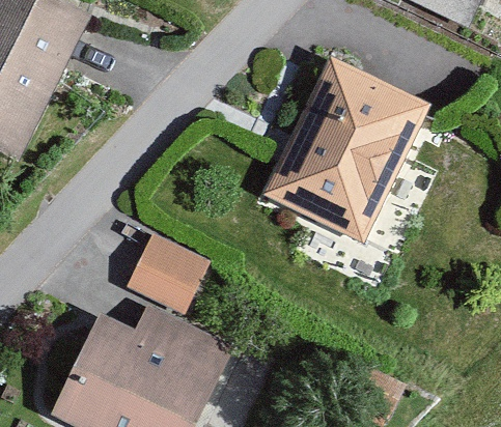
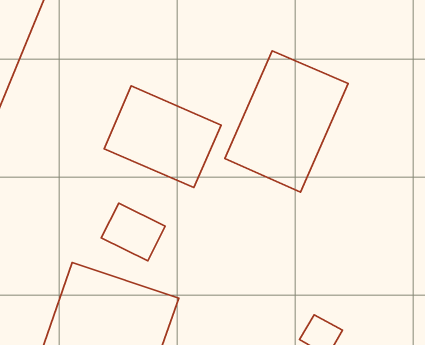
building: none -> [104,86,221,188]

